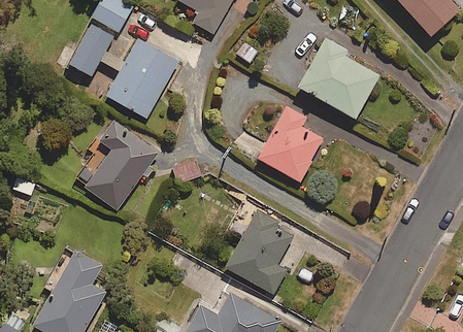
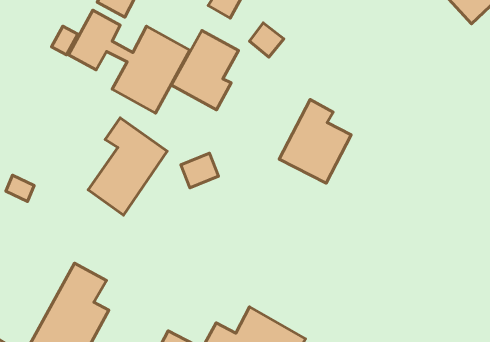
building: [299,39,379,120] -> none
building: none -> [171,31,238,110]
building: [226,210,295,293] -> none

